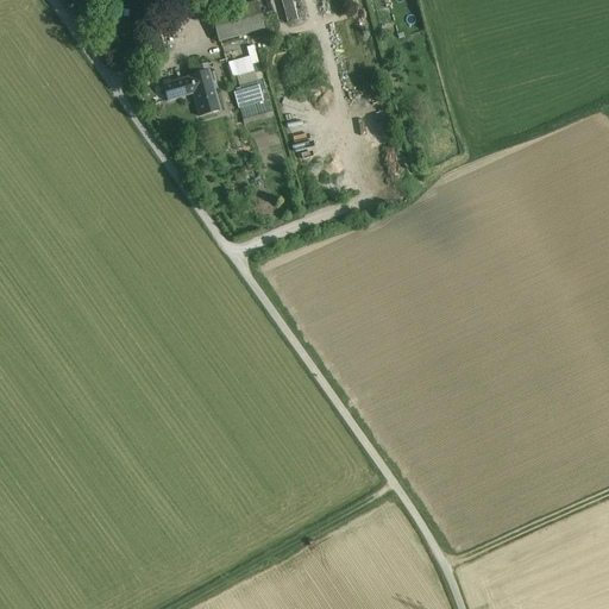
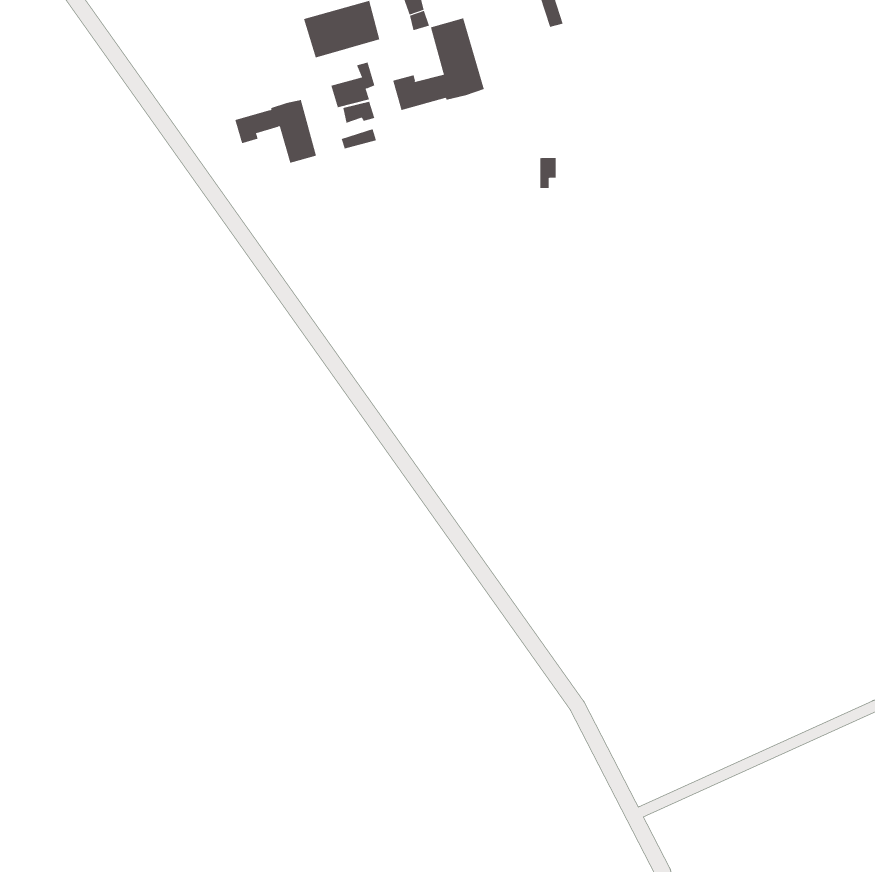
building: none -> [393,17,485,111]

